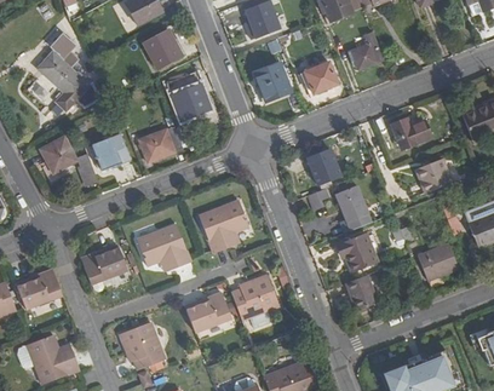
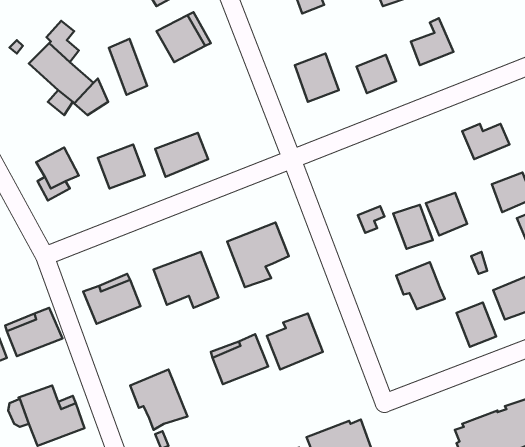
building: [171,69,202,115] -> [109,39,147,95]
building: [304,151,338,186] -> [426,193,467,236]
building: [346,275,379,311] -> [456,303,496,347]

